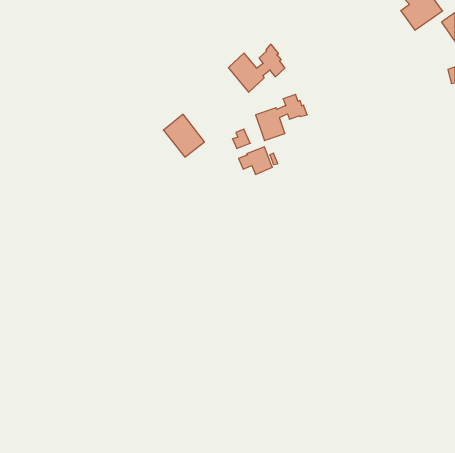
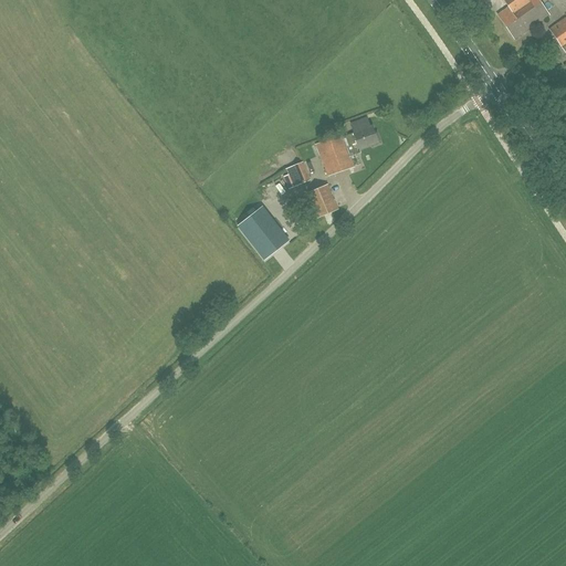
building: [229,44,285,92] -> none
building: [163,114,204,157] -> [238,205,289,258]

